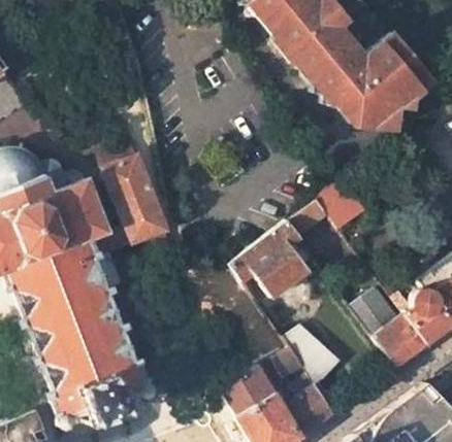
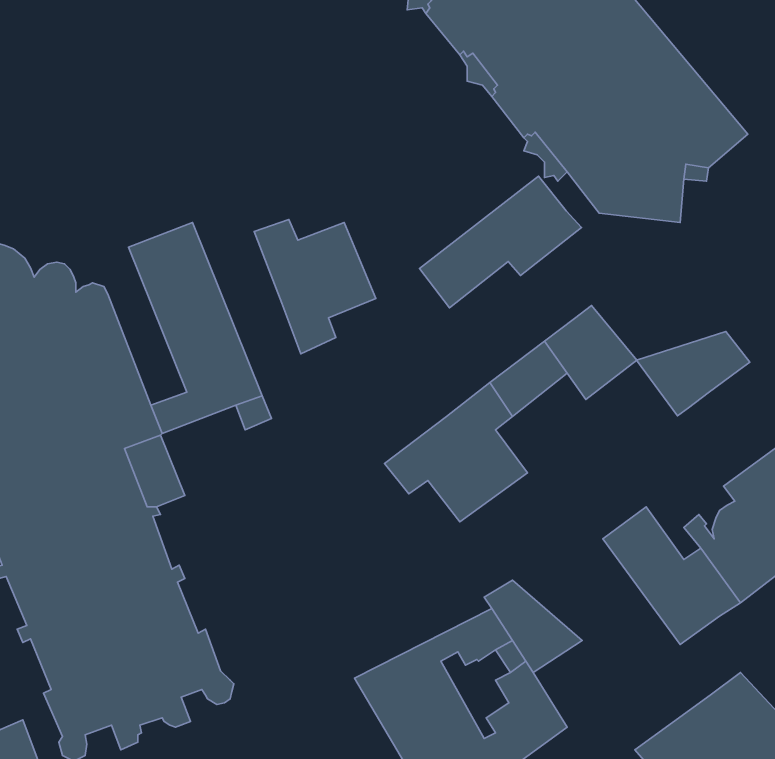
building: none -> [420,176,581,308]
building: none -> [254,219,376,354]
building: none -> [637,332,750,416]

